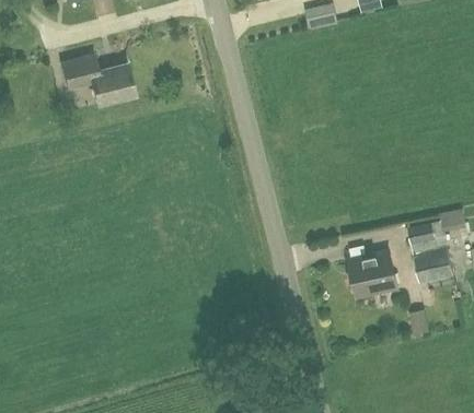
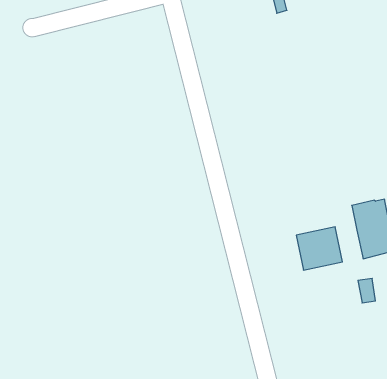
building: [60,54,134,104] -> none

